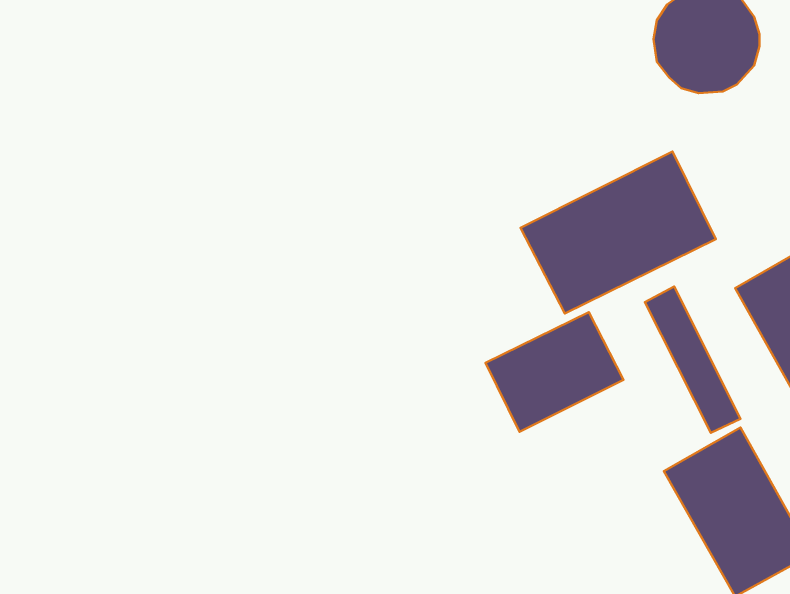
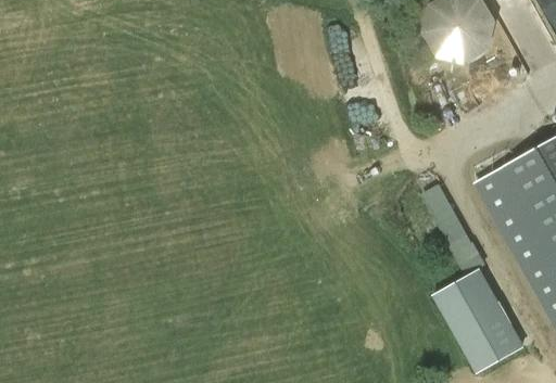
building: [520,152,716,314] -> none
building: [485,312,624,432] -> none

